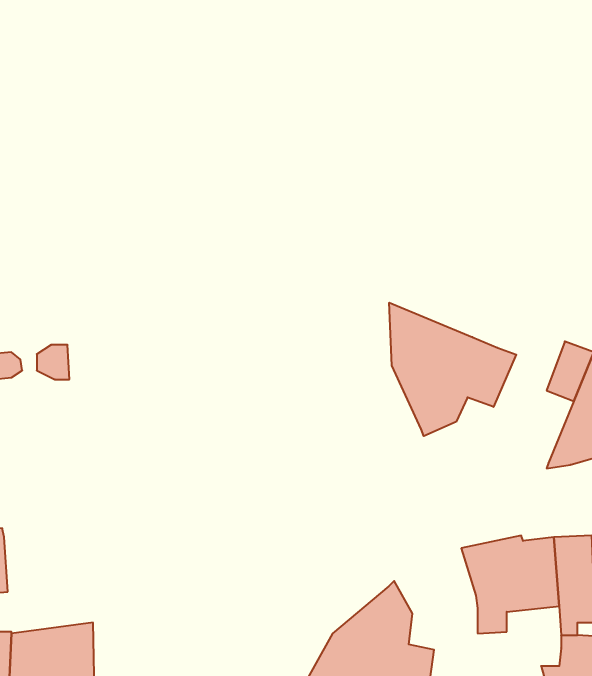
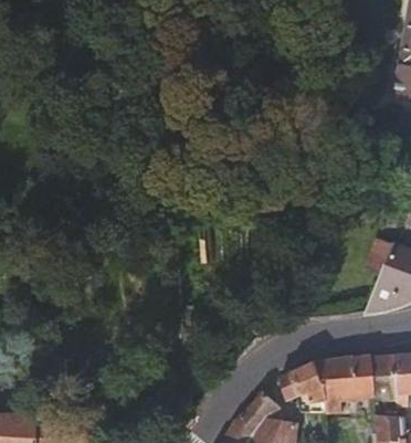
building: [389,303,516,436] -> none
building: none -> [286,362,324,403]

